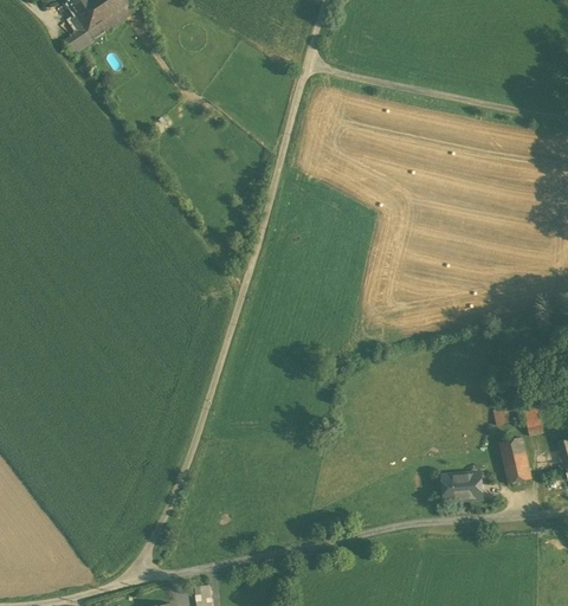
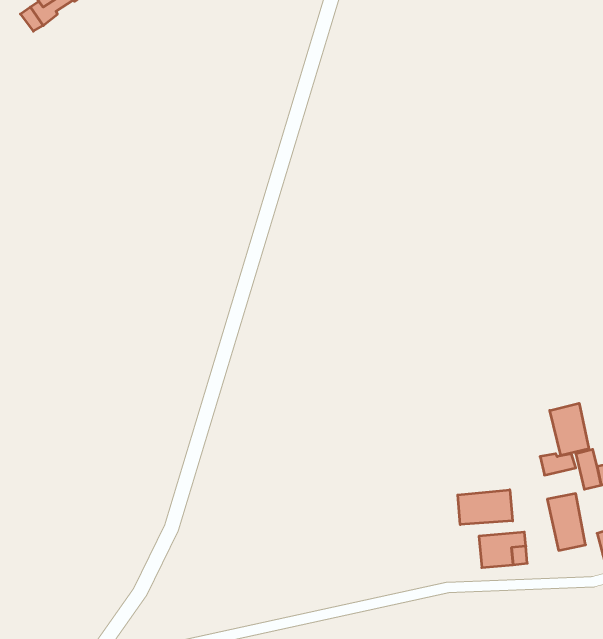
building: none -> [550,403,589,455]
building: none -> [458,490,513,525]

